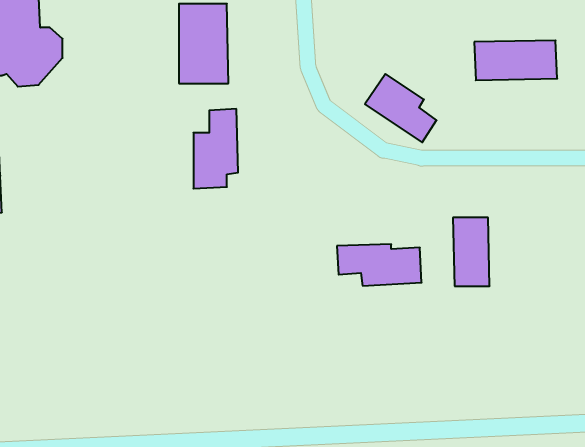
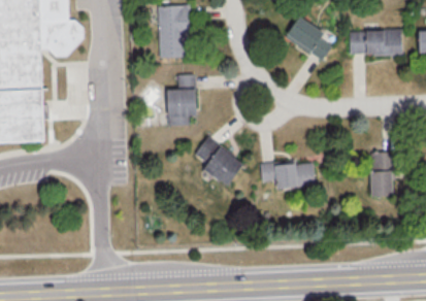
building: [365,74,437,142] -> [285,16,331,61]
building: none -> [194,137,243,187]
building: [453,218,490,286] -> [370,152,394,196]

